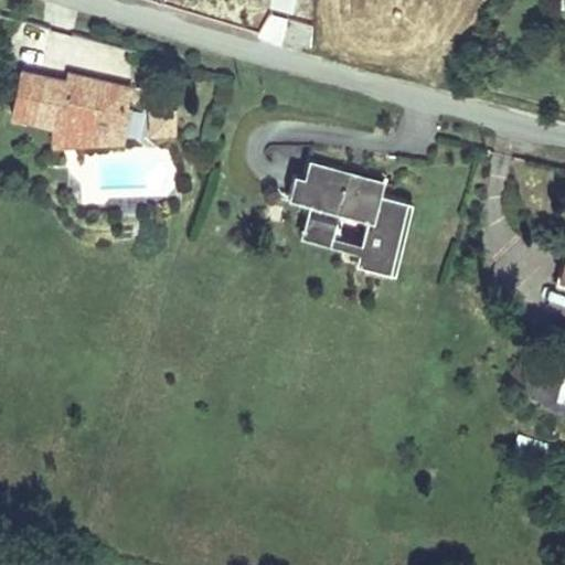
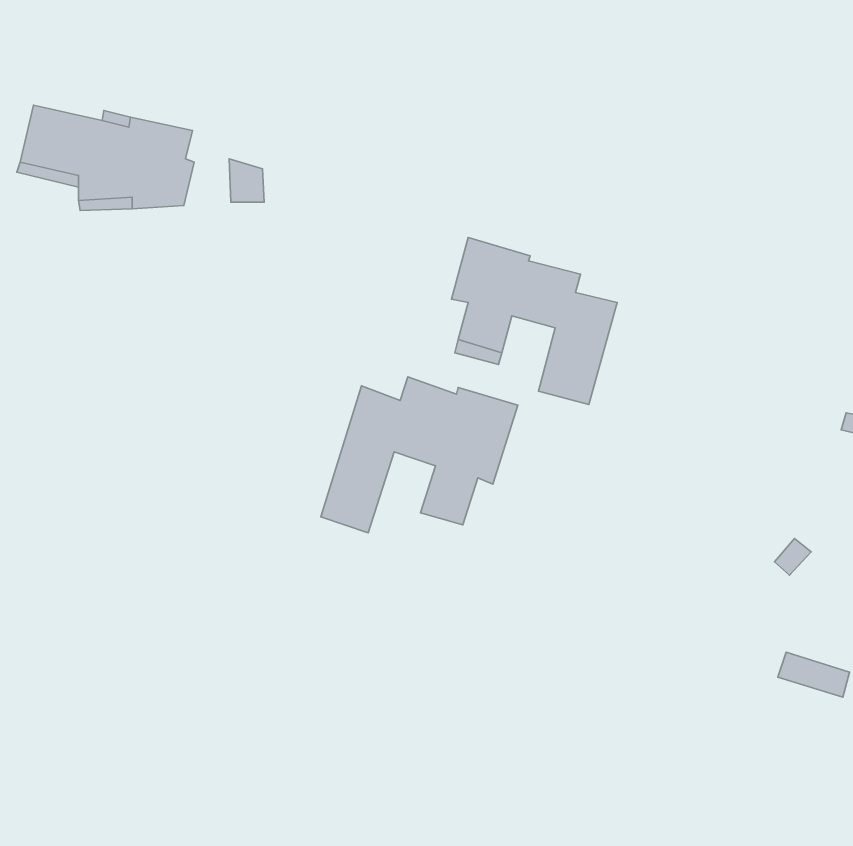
building: none -> [321,377,518,533]

